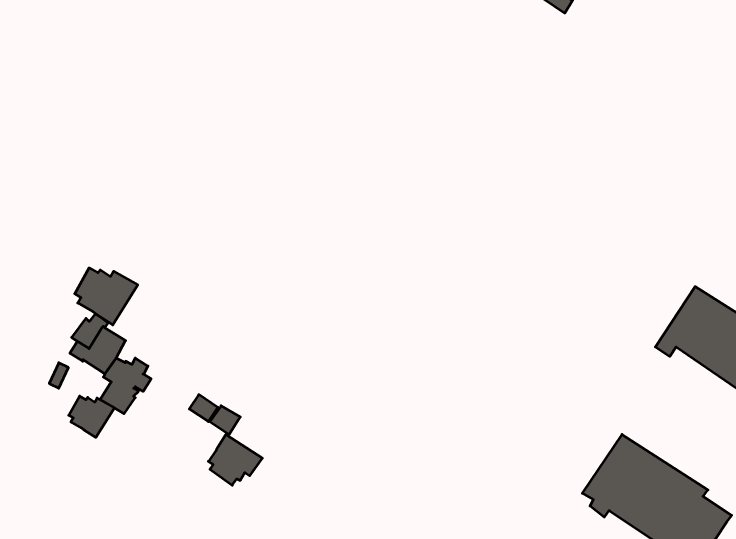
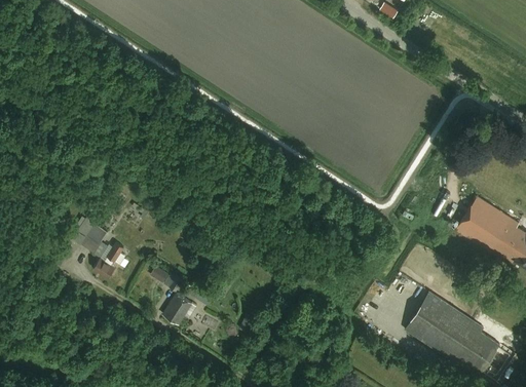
building: [75,268,138,325] -> none
building: [69,396,114,437] -> none

